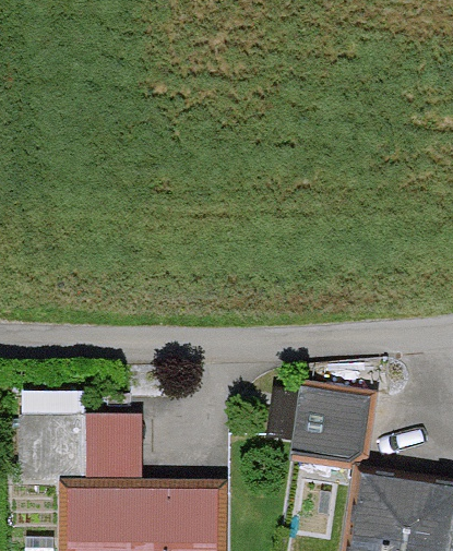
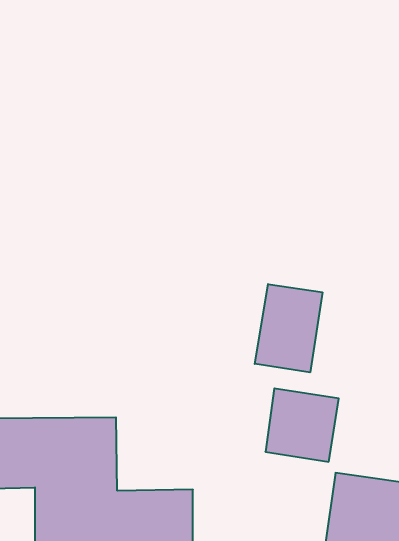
building: none -> [255,284,322,372]

